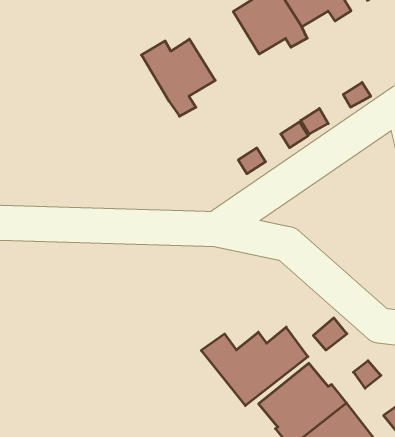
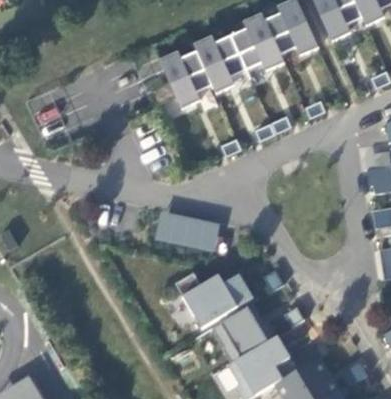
building: none -> [193,36,246,94]
building: none -> [156,212,218,246]

